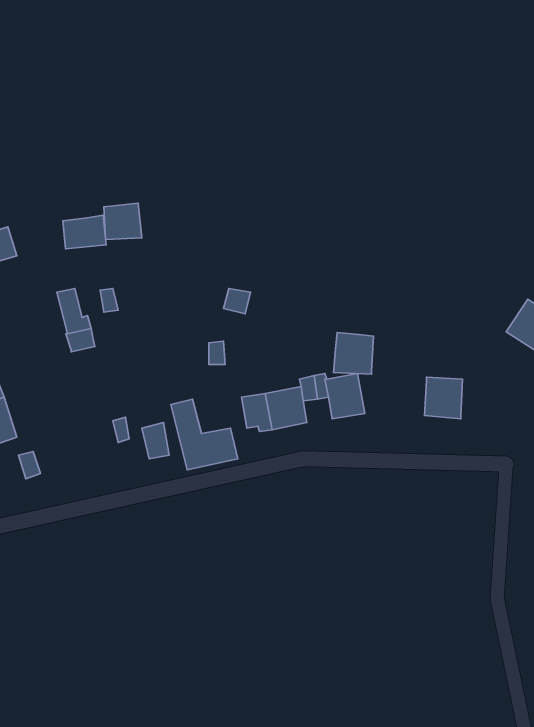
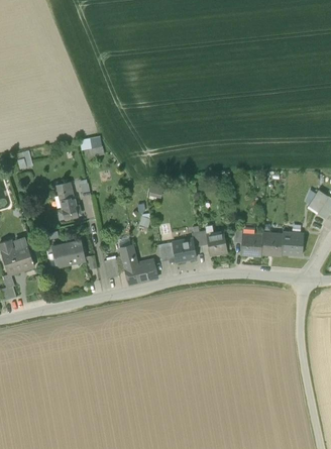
building: [63,215,106,249] -> none
building: [334,333,373,374] -> [240,232,262,255]
building: none -> [282,231,303,254]
building: none -> [54,241,85,264]

